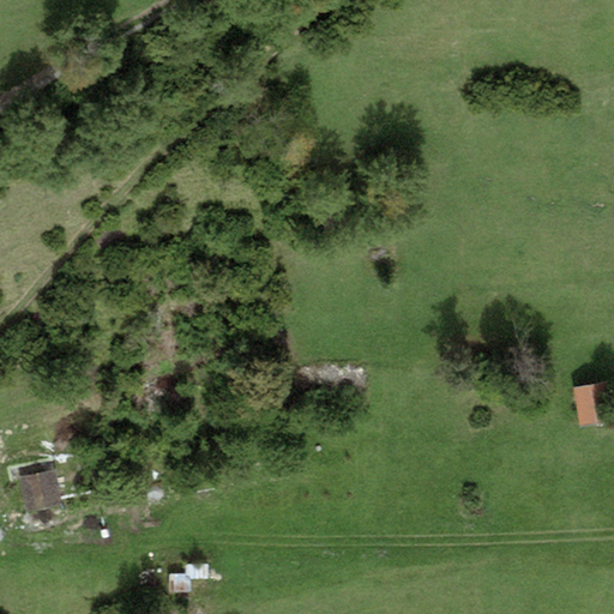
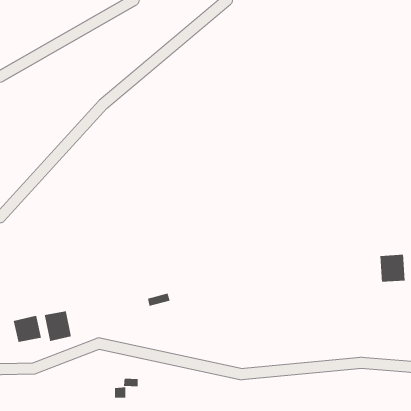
building: none -> [44,310,72,342]

